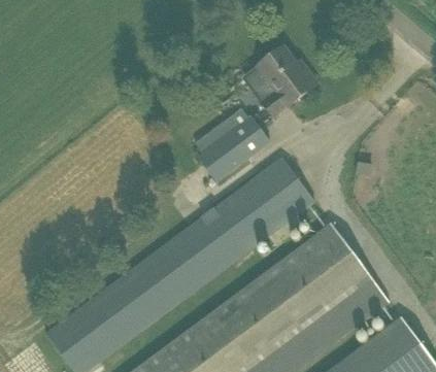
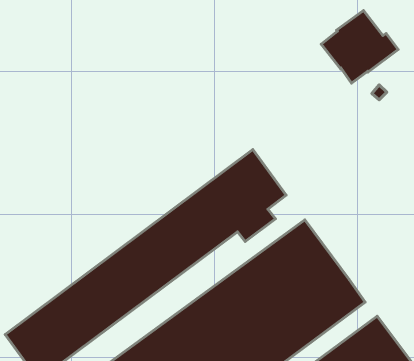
building: [242,47,315,116] -> [321,11,398,83]
building: [196,116,269,181] -> none

